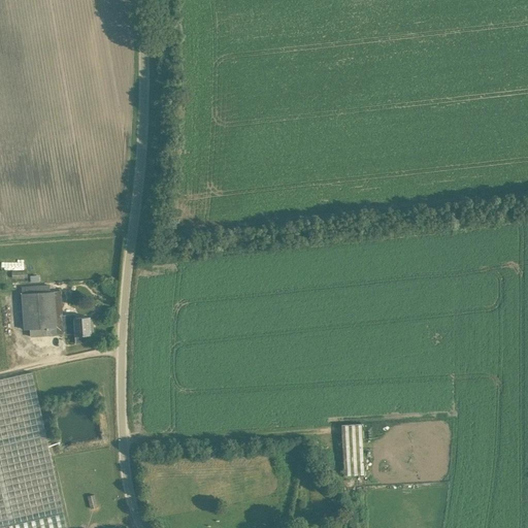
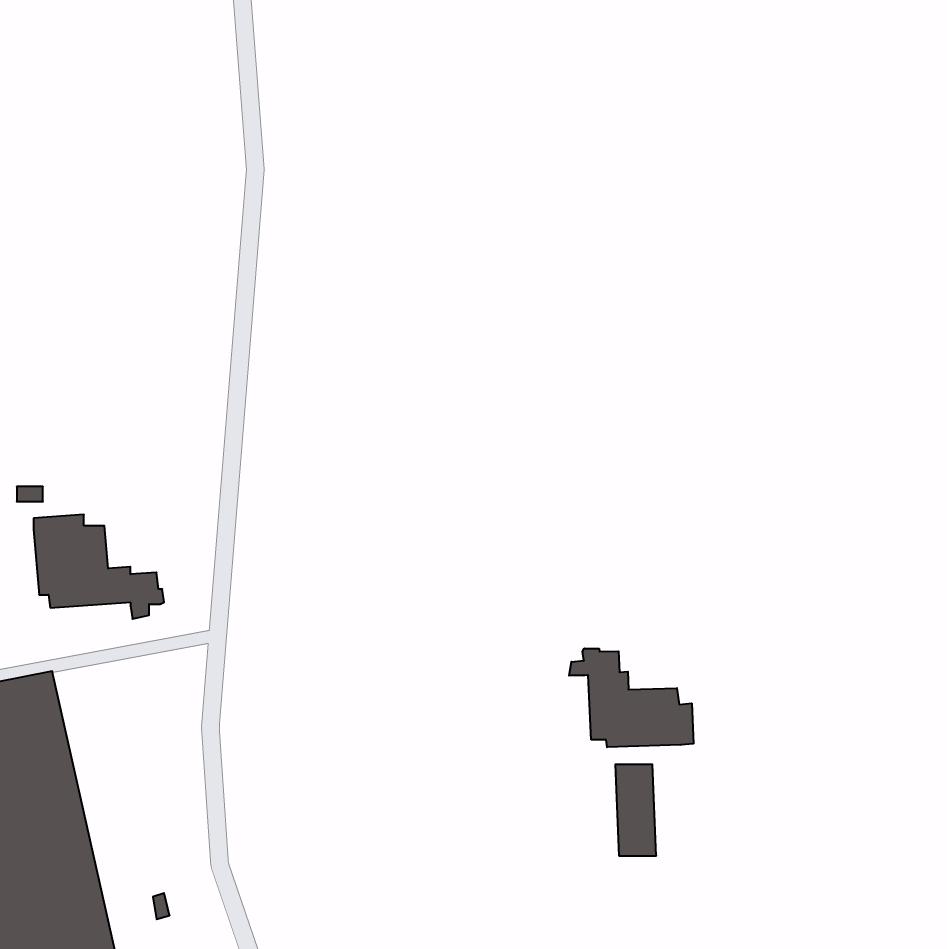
building: none -> [569,648,693,747]

